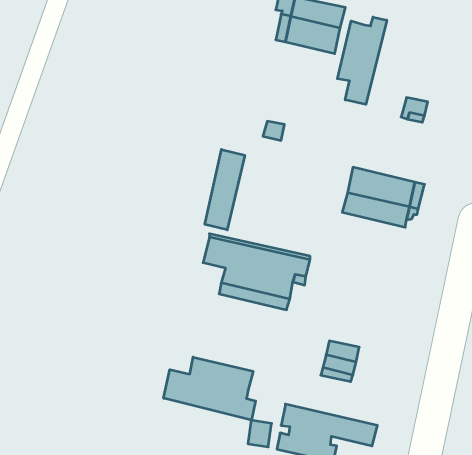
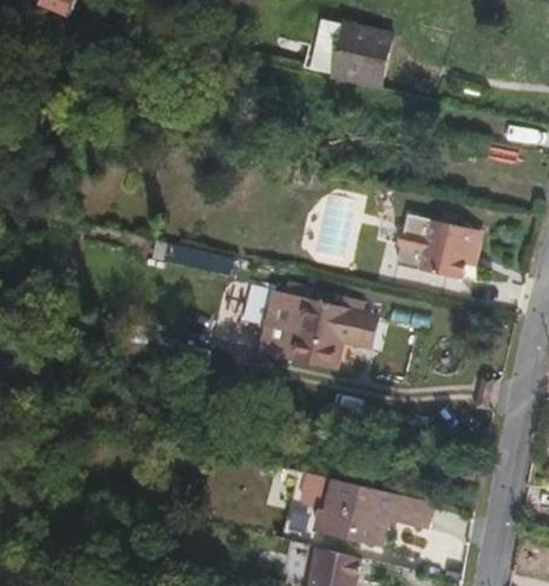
building: [337,17,387,104] -> none
building: [205,149,245,230] -> none
building: [164,357,256,420] -> none

